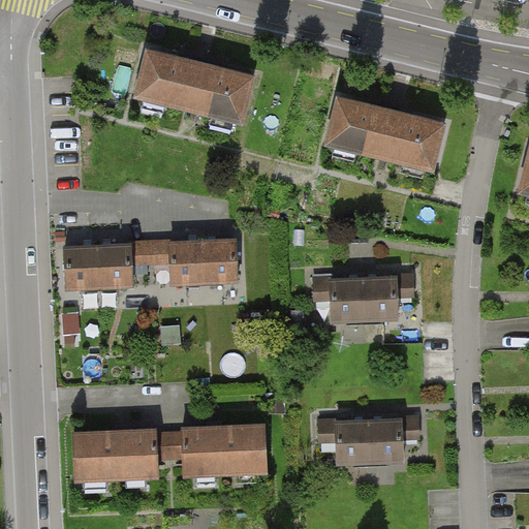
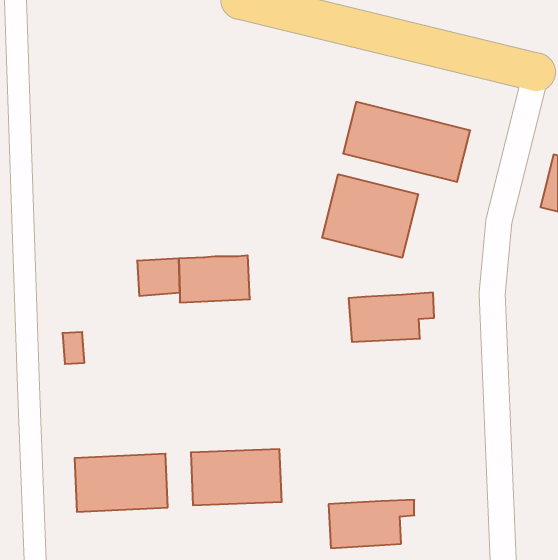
building: [134,49,254,124] -> none
building: none -> [322,174,418,258]
building: [65,246,131,290] -> none
building: [334,418,414,464] -> [329,500,414,548]

